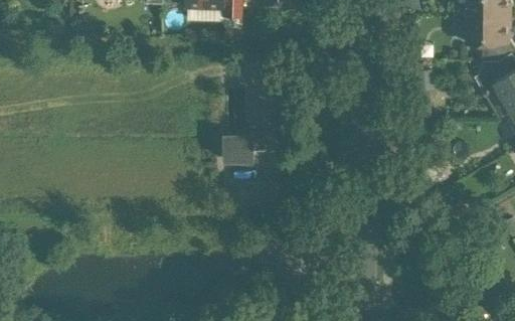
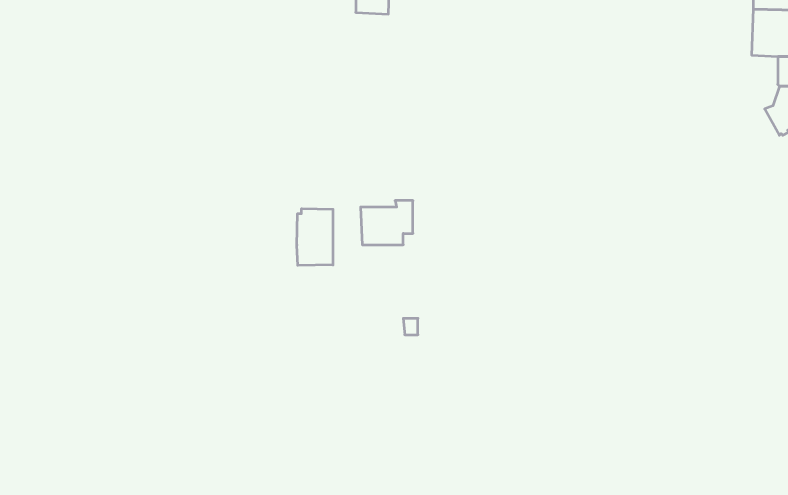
building: none -> [297,209,333,265]

